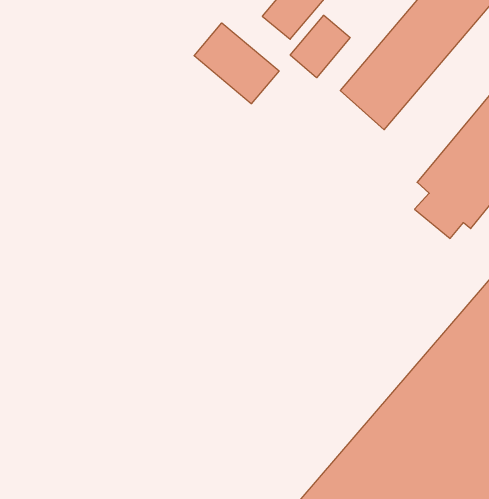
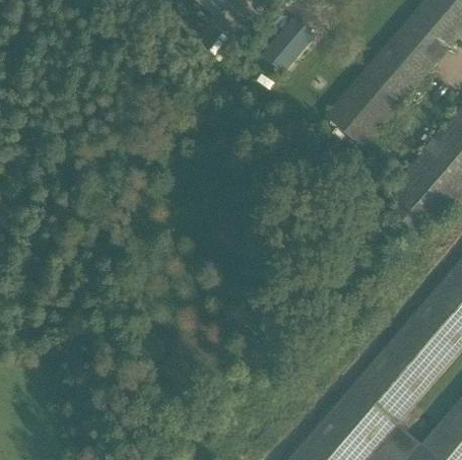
building: [290,15,350,78] -> none
building: [194,23,279,104] -> none

